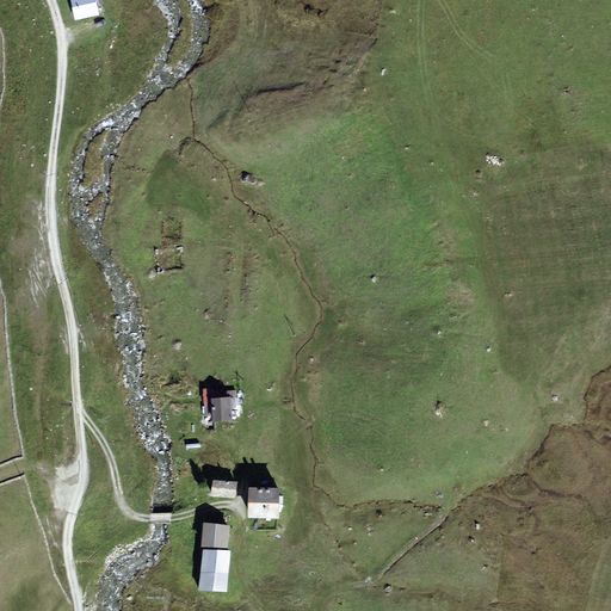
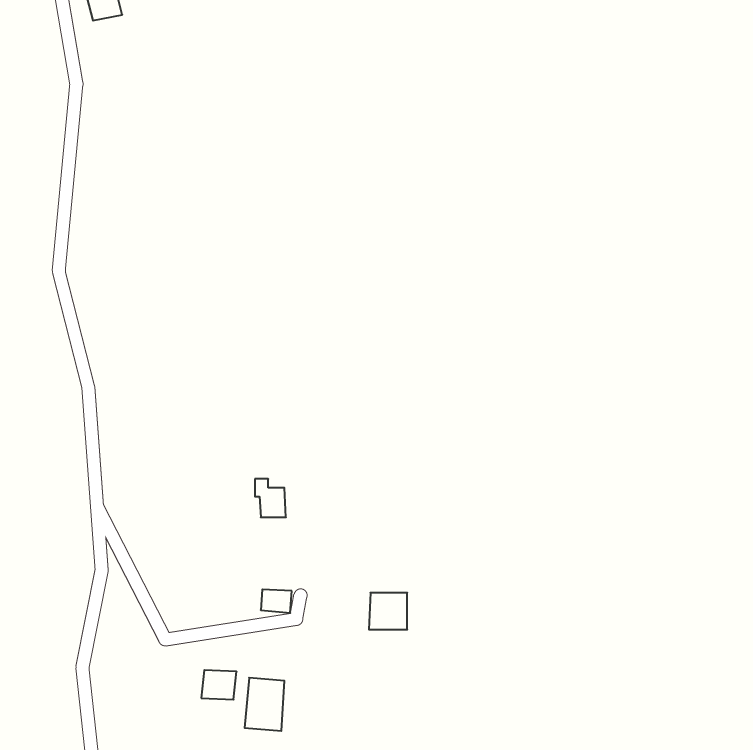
building: [248,485,279,514] -> [369,593,407,630]
building: [200,524,229,548] -> [201,670,237,700]

